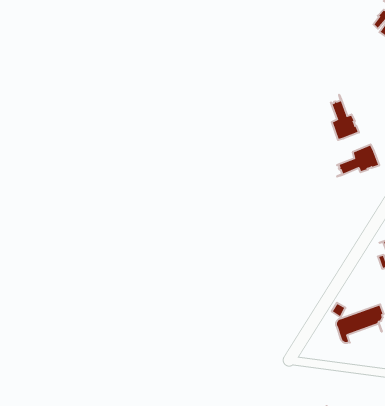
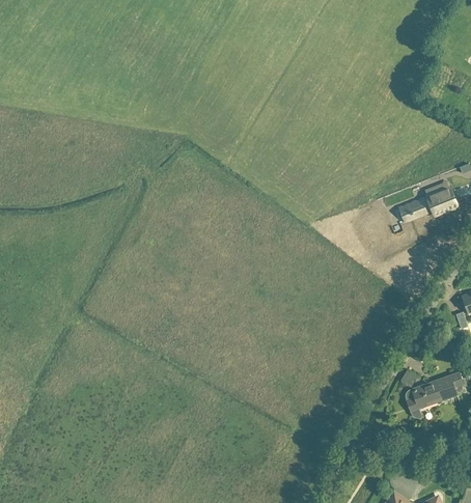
building: [331,95,359,140] -> none

